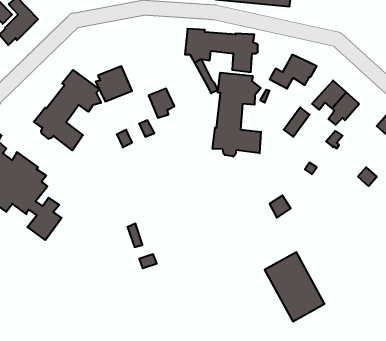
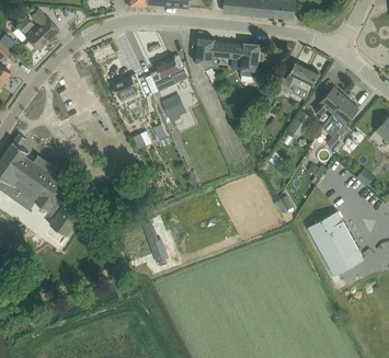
building: none -> [150,55,188,91]
building: [34,70,101,150] -> none
building: [212,73,261,157] -> none
building: [265,252,325,321] -> [307,210,363,275]

